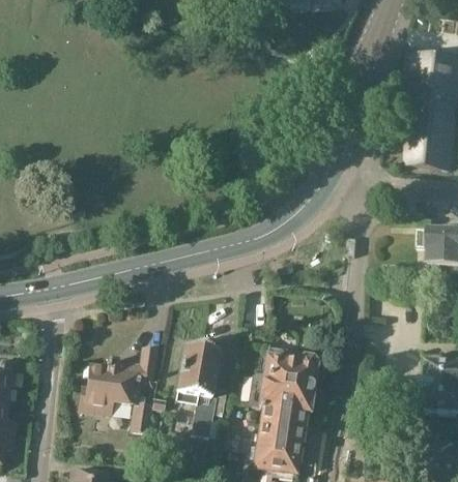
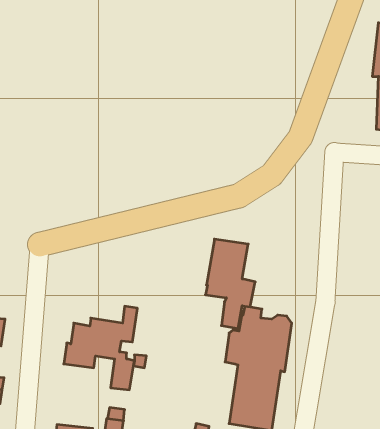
building: [177,343,229,436] -> [205,239,255,329]

